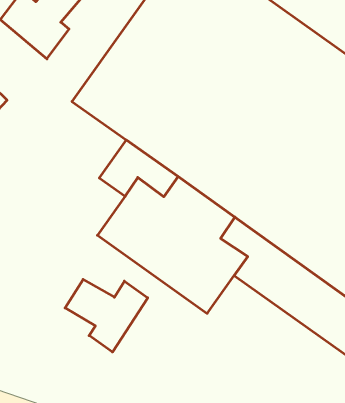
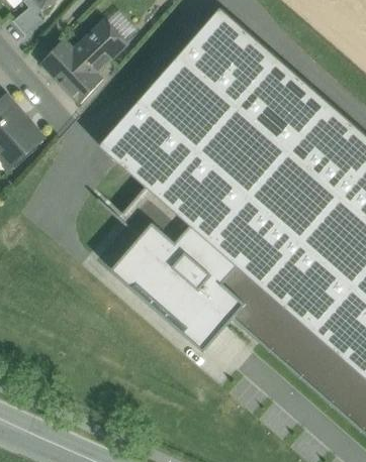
building: [65,279,148,352] -> none

